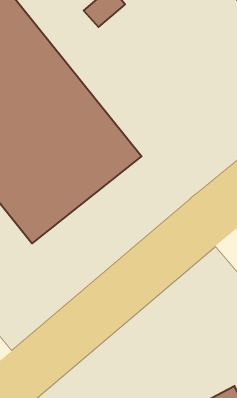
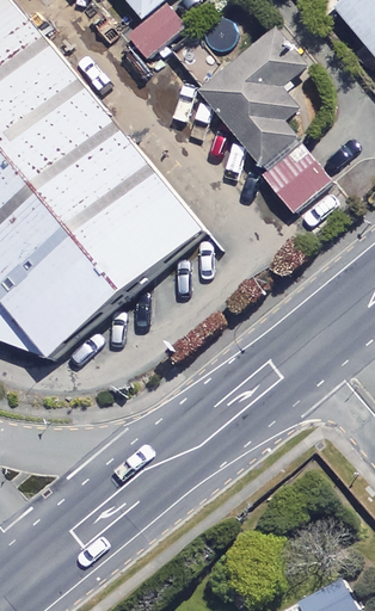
building: none -> [197,24,306,163]
building: none -> [263,143,330,210]

